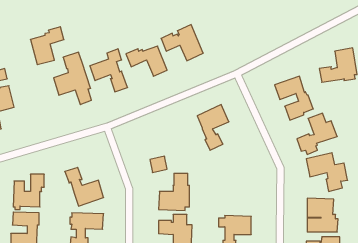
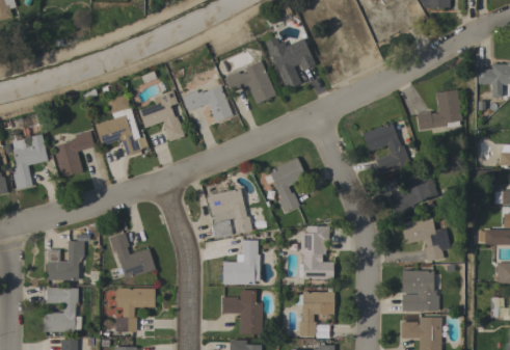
building: none -> [274,38,313,89]
building: [30,27,64,65] -> [54,131,95,177]
building: none -> [210,185,263,234]
building: none -> [299,225,334,279]

